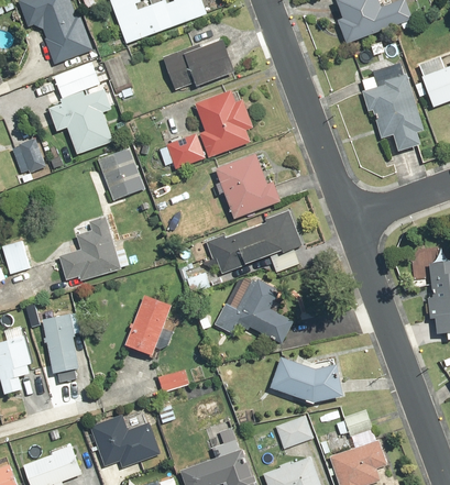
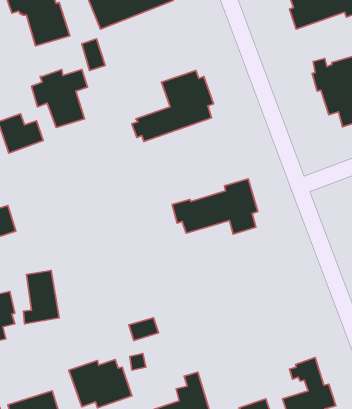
building: [164,38,232,87] -> none
building: [54,63,106,96] -> none
building: [97,145,145,199] -> none
building: [215,152,279,218] -> none
building: [56,212,124,278] -> none
building: [213,275,287,339] -> none
building: [122,291,172,354] -> none
building: [270,355,342,400] -> none
building: [275,415,314,448] -> none

